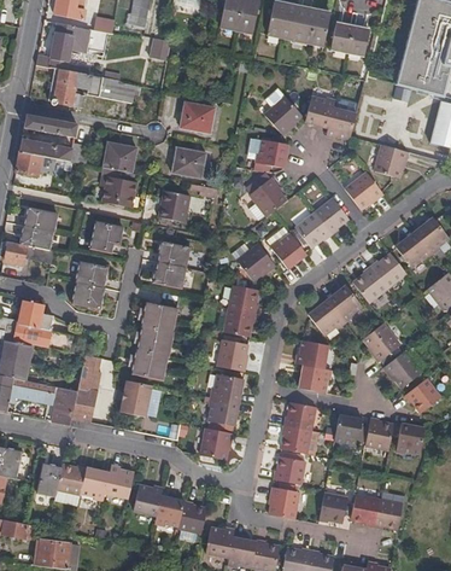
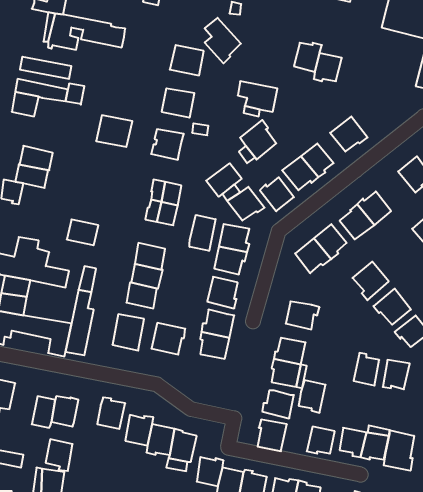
building: [264,91,301,138] -> [205,18,241,63]
building: [100,138,135,169] -> none
building: [374,145,409,179] -> none
building: [89,219,123,251] -> none
building: none -> [206,163,242,197]
building: [394,231,430,266] -> none
building: [75,258,104,286] -> none
building: none -> [189,215,216,251]
building: [295,343,327,368] -> none
building: [335,415,363,449] -> [299,380,326,413]
building: [198,426,233,459] -> [151,323,185,355]
building: [78,466,106,499] -> [46,439,73,471]
building: none -> [384,430,414,471]

